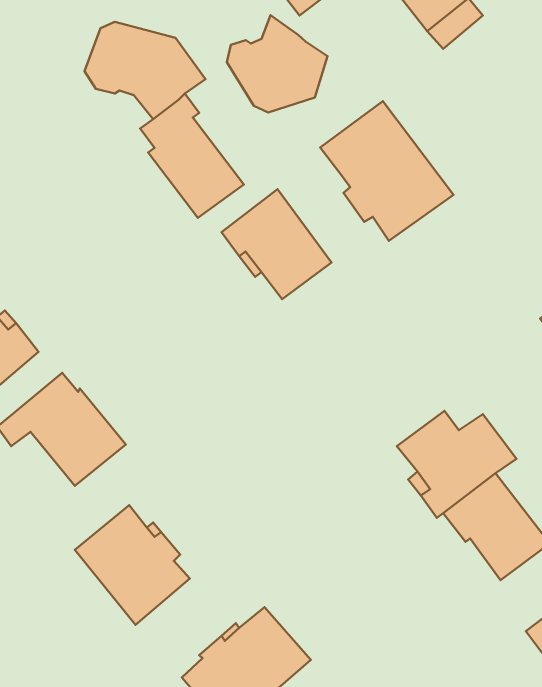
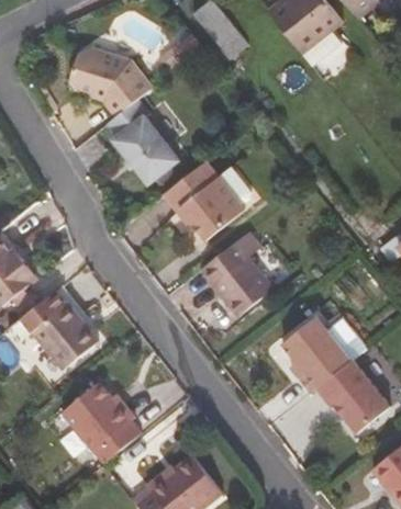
building: [227,15,328,112] -> none
building: [320,101,453,241] -> none
building: none -> [201,233,272,316]

